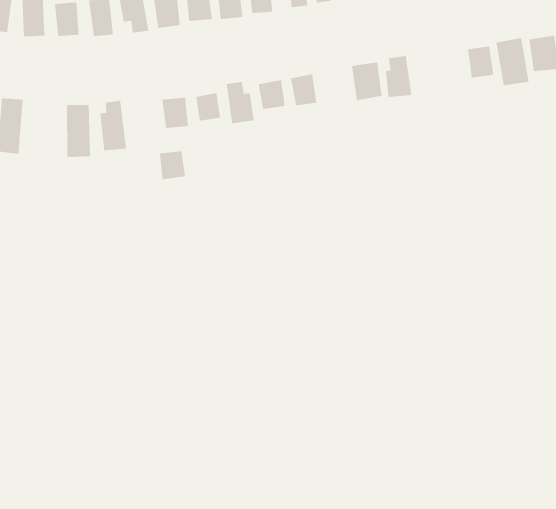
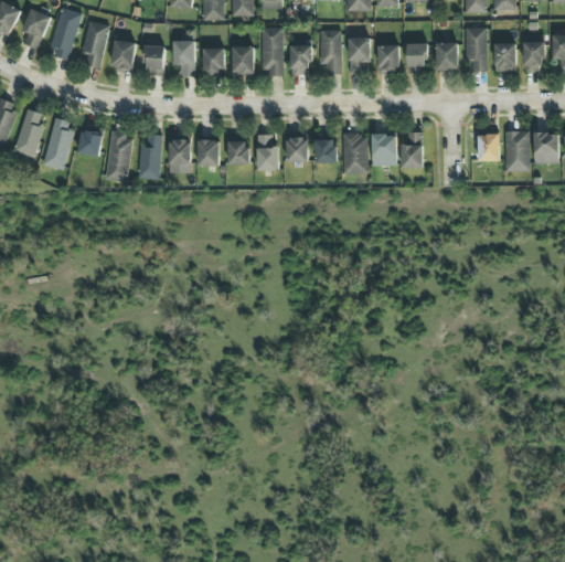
building: none -> [342,134,369,173]
building: none -> [77,129,103,157]
building: [159,151,186,180] -> [169,139,191,163]

